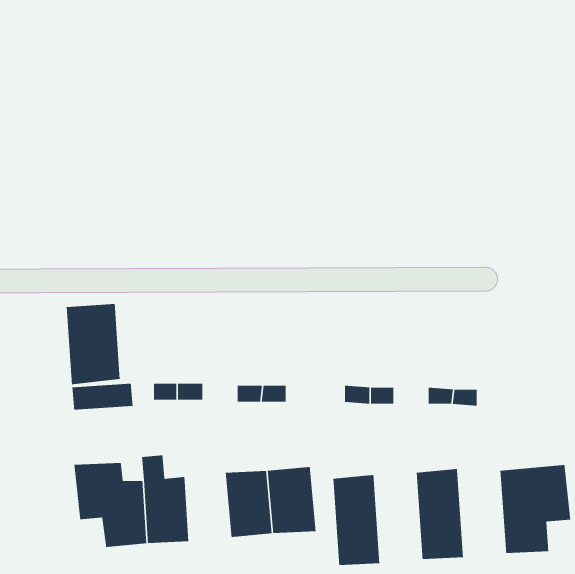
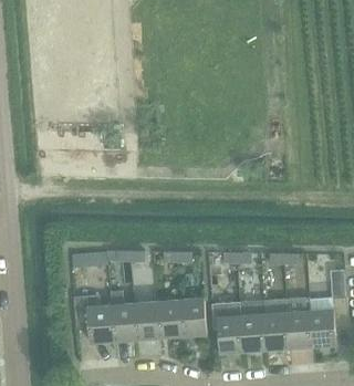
building: [66,303,120,385] -> none
building: none -> [287,298,313,348]
building: none -> [135,301,160,340]
building: none -> [240,301,267,352]

